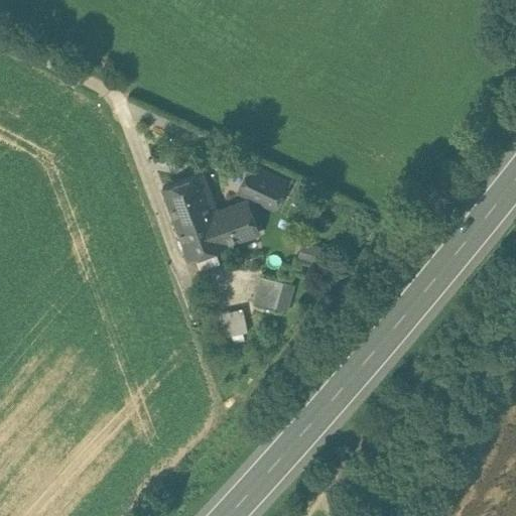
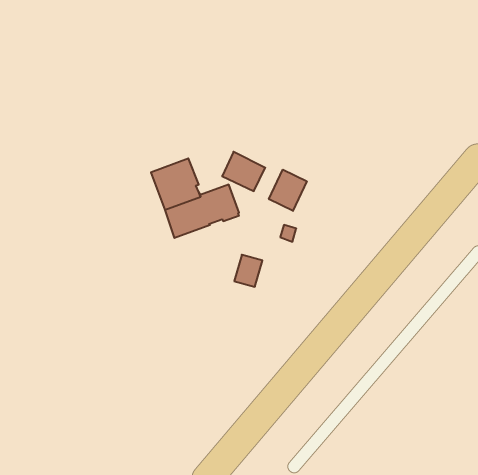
building: none -> [269,170,307,211]
building: [219,311,247,339] -> none

